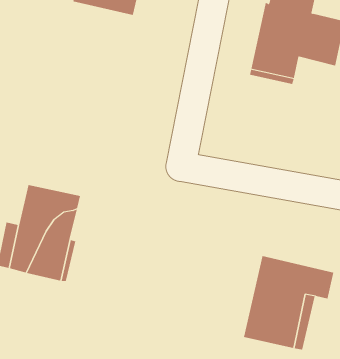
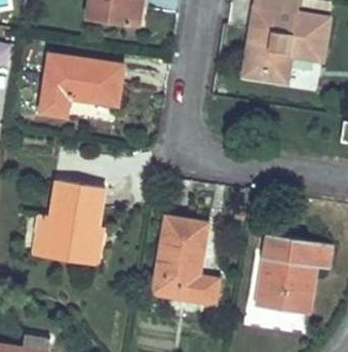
building: none -> [39,55,121,118]
building: none -> [153,218,217,303]

